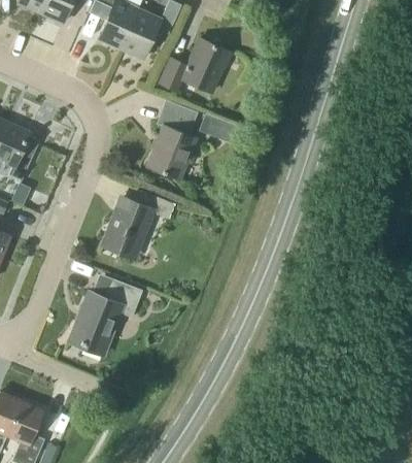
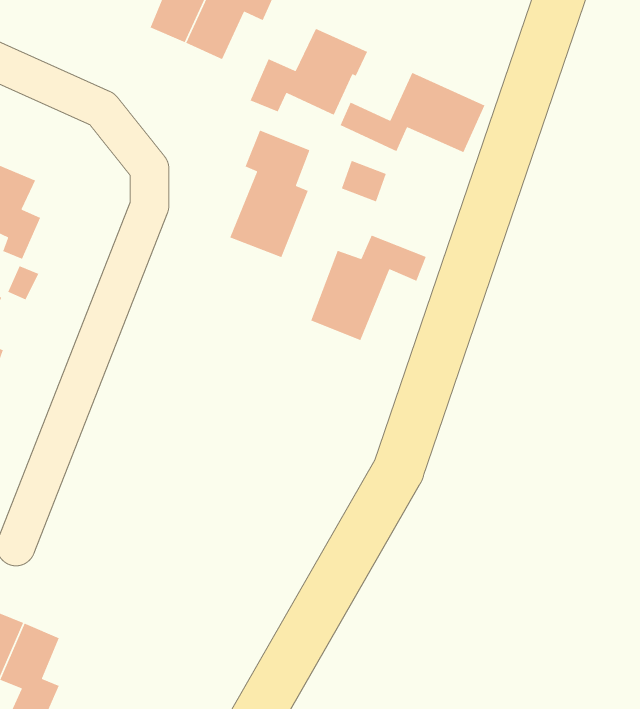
building: none -> [339,72,486,153]
building: [104,190,175,255] -> [310,235,427,341]
building: [69,278,142,355] -> none

